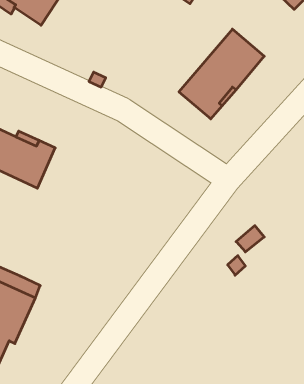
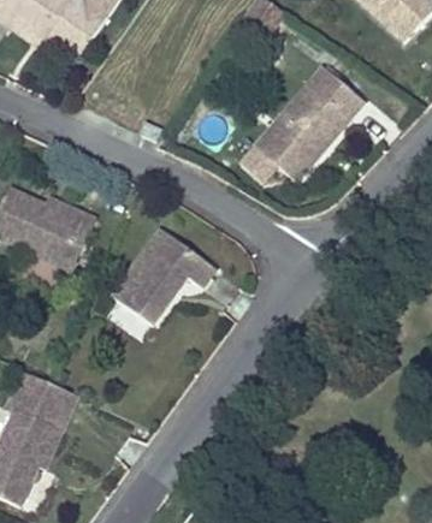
building: none -> [112,227,217,322]

